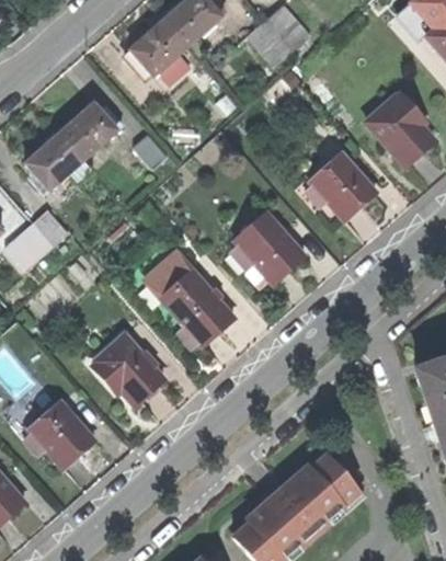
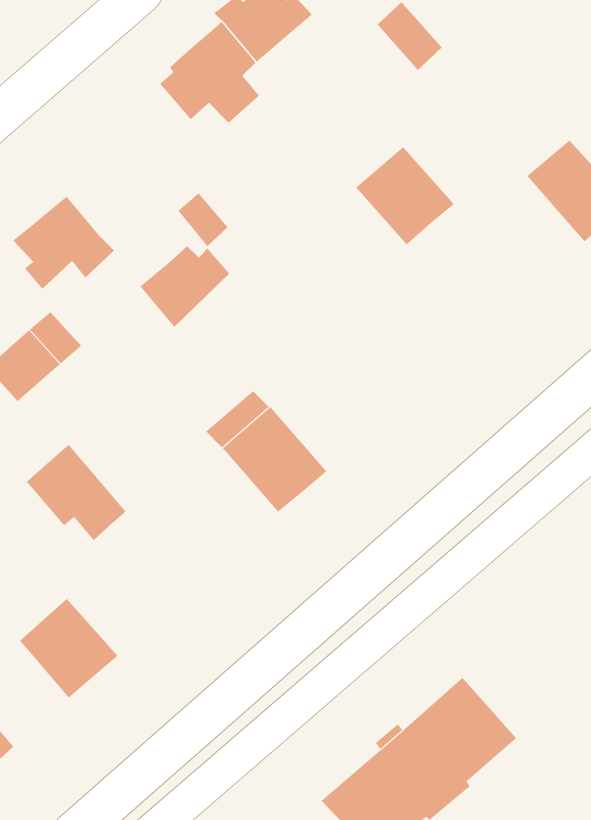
building: [248,20,294,67] -> none
building: [60,106,121,161] -> [139,245,230,328]
building: [310,153,376,219] -> [355,146,454,245]
building: [235,211,304,282] -> none
building: [95,333,162,398] -> [26,444,126,541]

